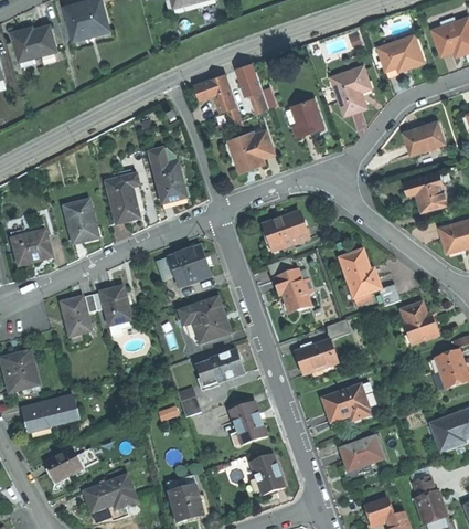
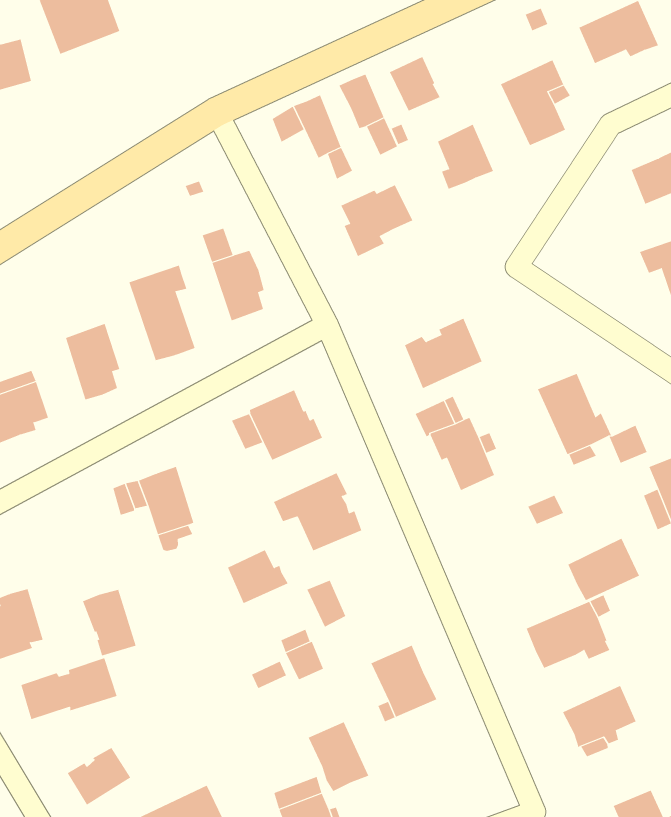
building: none -> [389,56,440,112]
building: [61,297,90,336] -> [82,589,137,656]
building: [295,339,337,374] -> [568,538,640,601]
building: [209,351,244,382] -> [227,549,289,604]
building: [249,454,284,495] -> [308,721,369,792]

